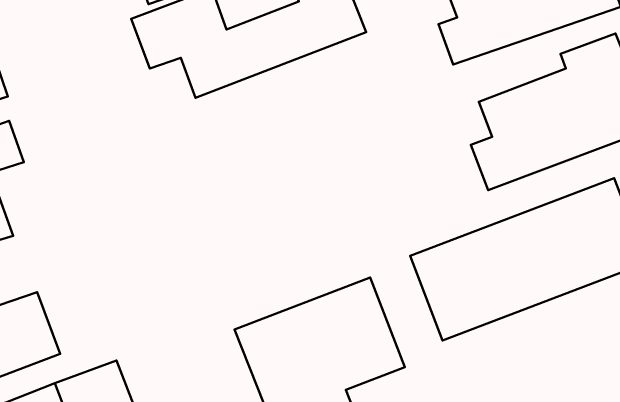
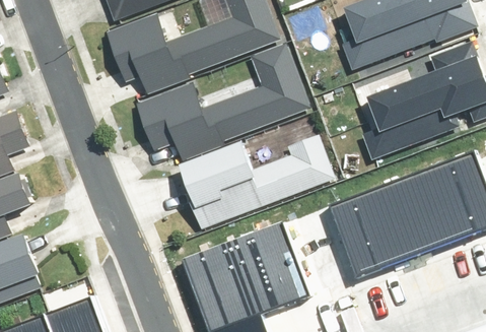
building: none -> [132,47,310,161]
building: none -> [180,139,341,238]

